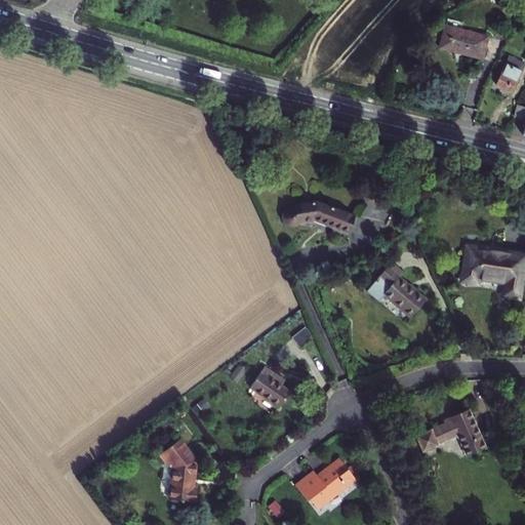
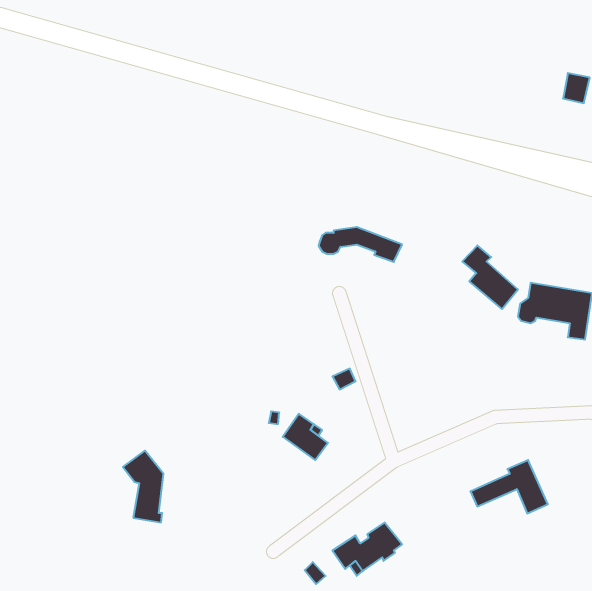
building: [445,24,492,54] -> none
building: [376,259,426,316] -> [462,245,518,309]
building: [160,441,196,504] -> [123,451,163,522]

